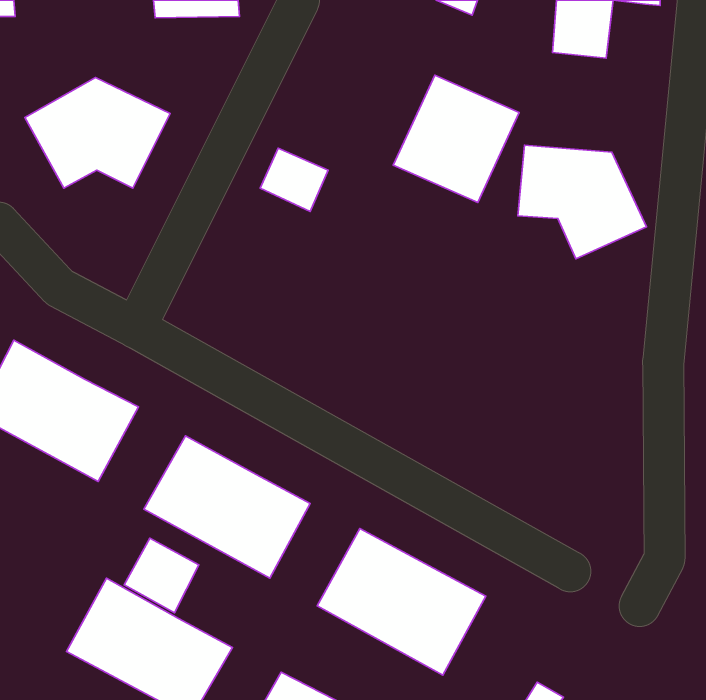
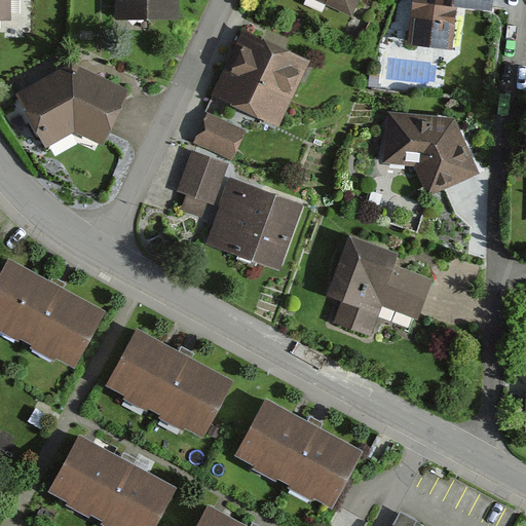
building: [393,75,519,202] -> [213,32,306,126]
building: none -> [177,152,229,221]
building: none -> [206,180,301,271]
building: none -> [328,236,430,335]
building: [124,538,199,613] -> none

